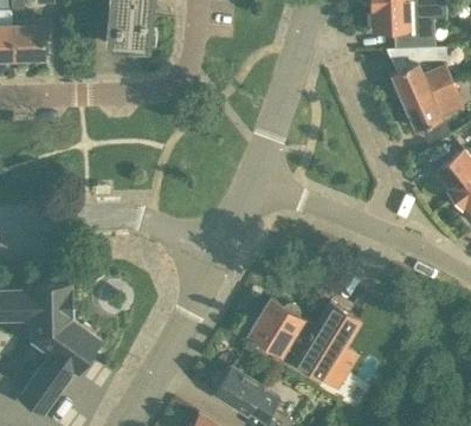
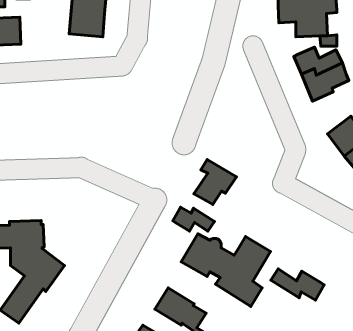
building: none -> [194,159,236,205]
building: none -> [173,207,215,231]
building: none -> [271,269,324,300]

